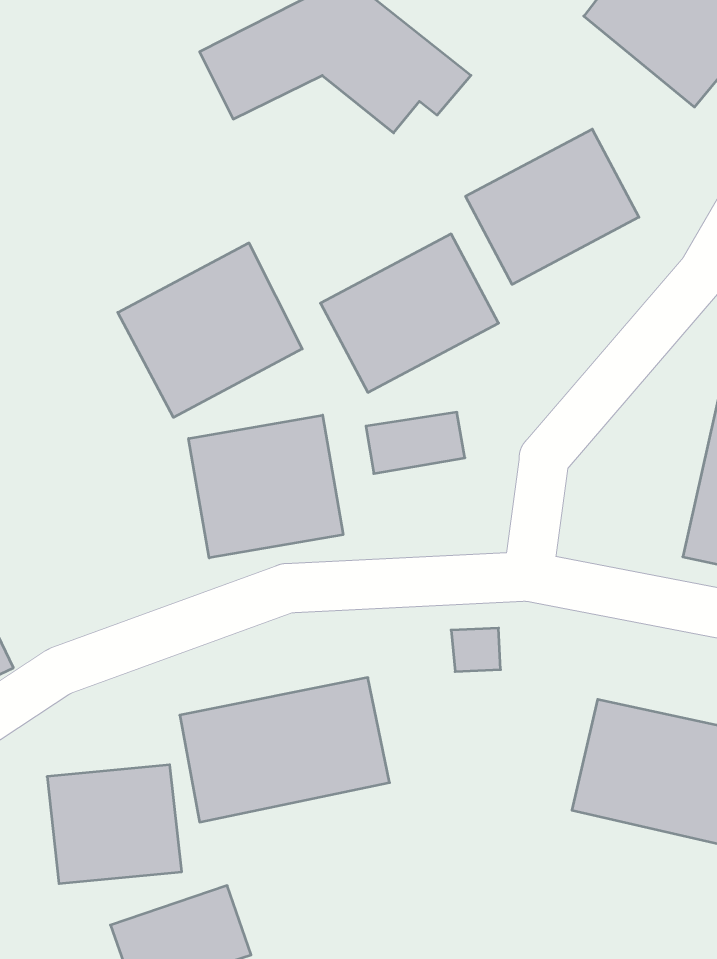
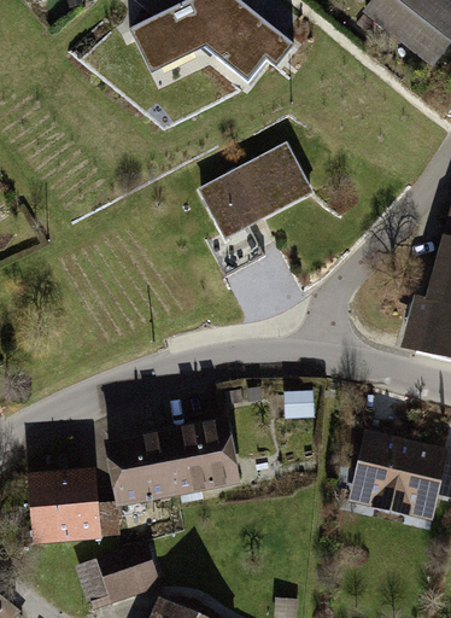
building: [466,129,639,284] -> none
building: [118,243,302,417] -> none
building: [189,415,343,558] -> none

